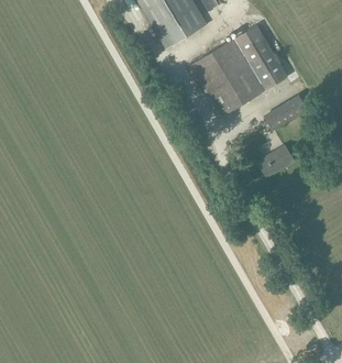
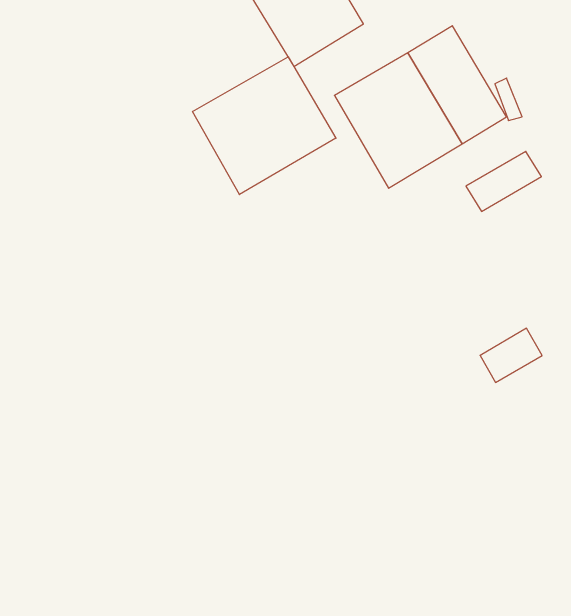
building: none -> [193,57,336,195]
building: [260,144,295,175] -> [480,328,542,382]

